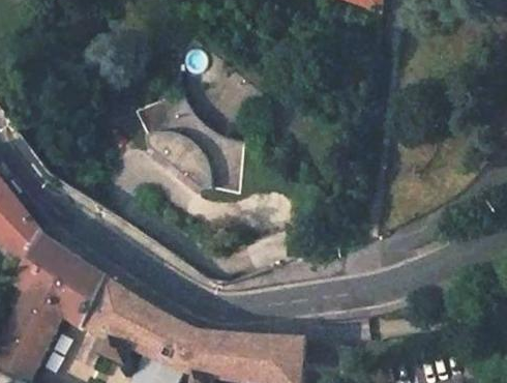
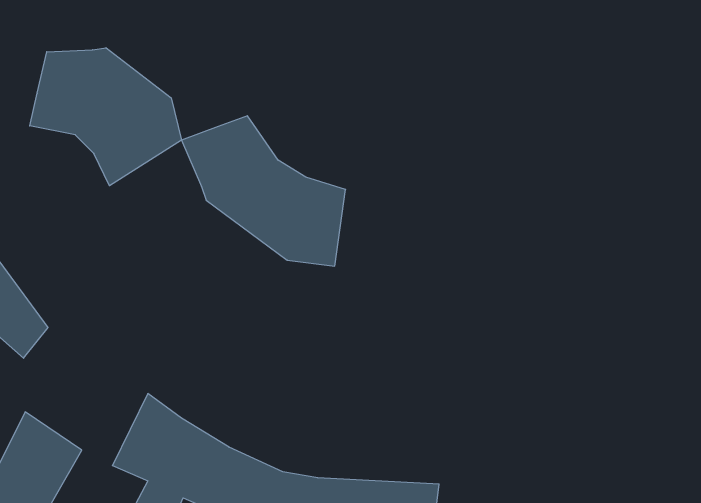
building: none -> [30,48,181,186]
building: [13,233,109,328] -> none

